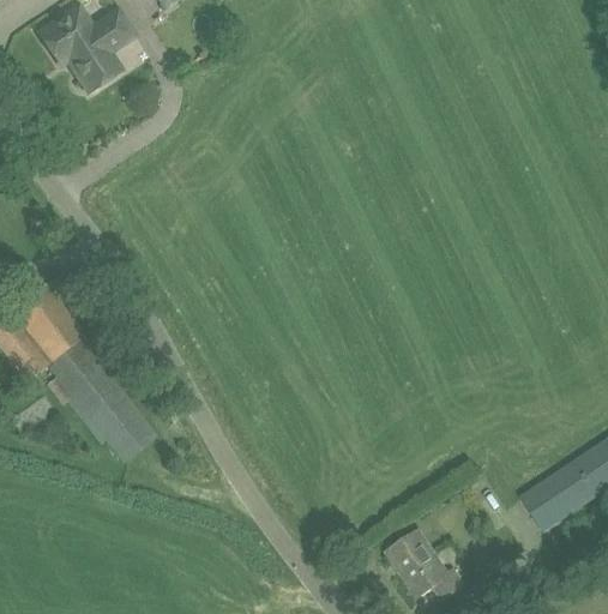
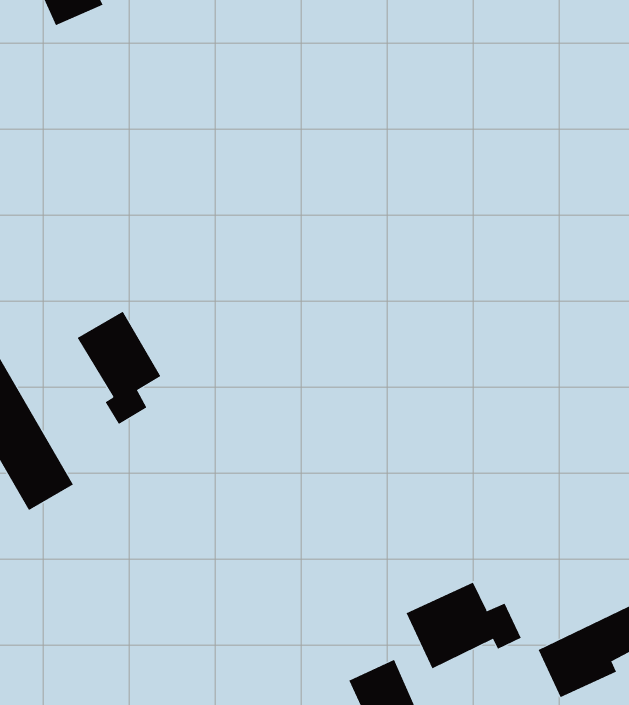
building: none -> [77,311,161,425]
building: none -> [406,582,521,669]

